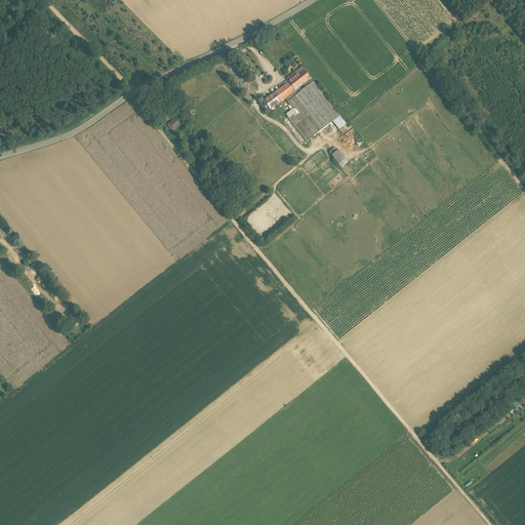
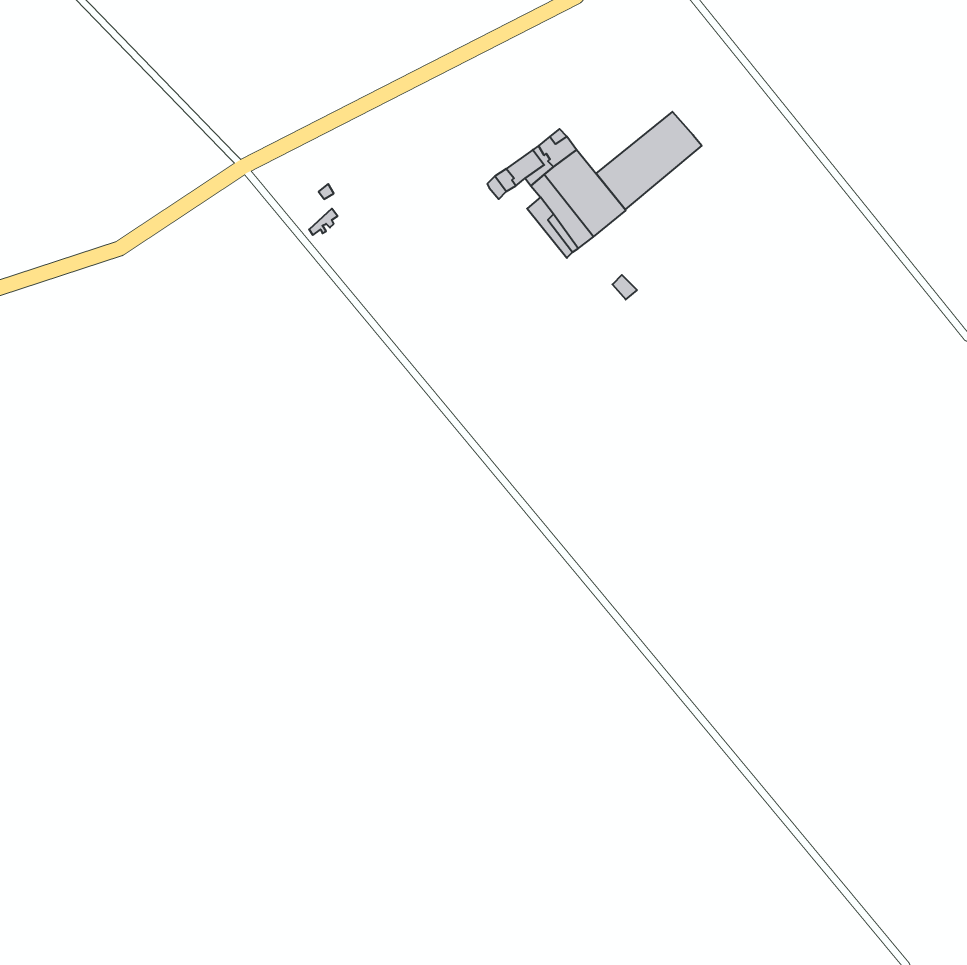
building: none -> [596,112,702,210]

